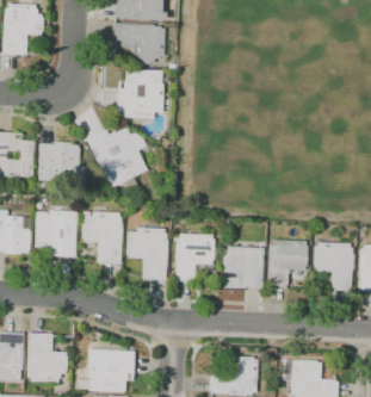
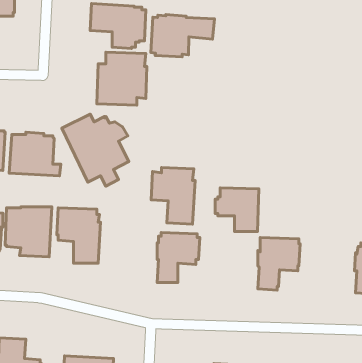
building: none -> [151,14,215,57]
building: [128,228,168,280] -> [151,168,195,224]
building: [315,242,354,290] -> none
building: [223,247,264,287] -> [215,188,259,231]

